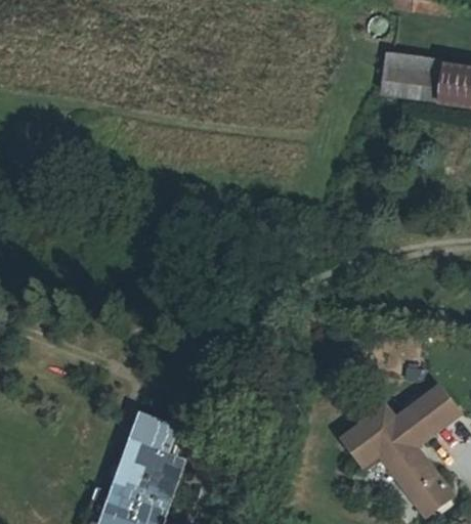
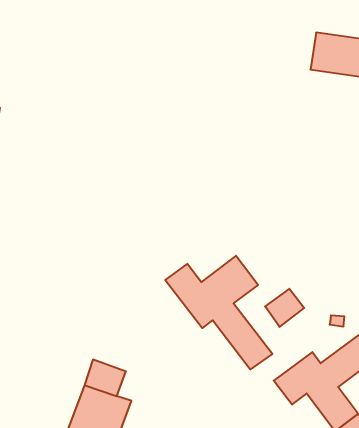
building: none -> [165,256,272,369]
building: none -> [265,289,304,327]

